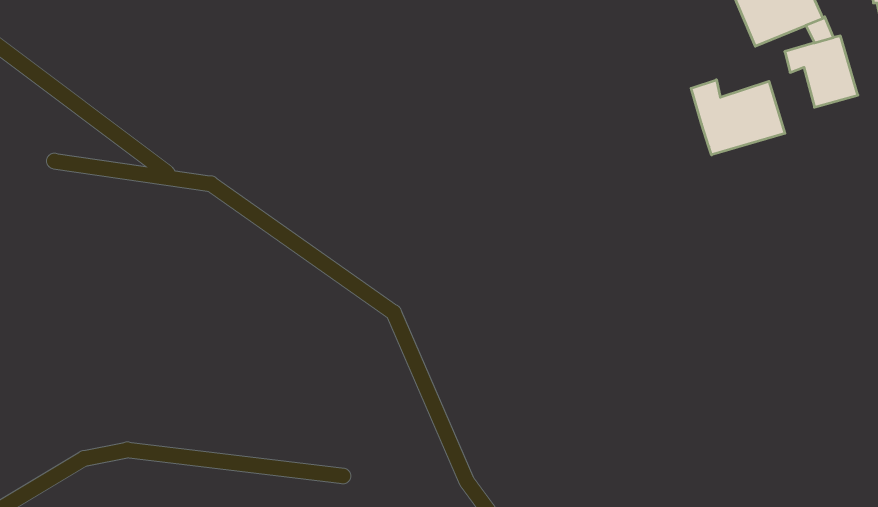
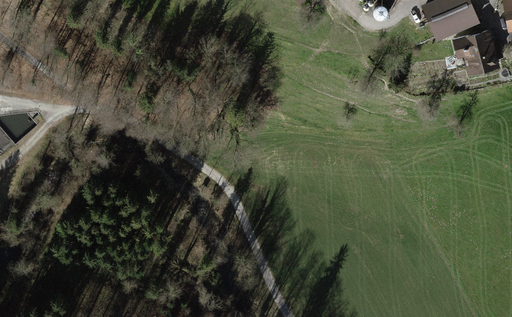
building: [691,80,785,155] -> none

